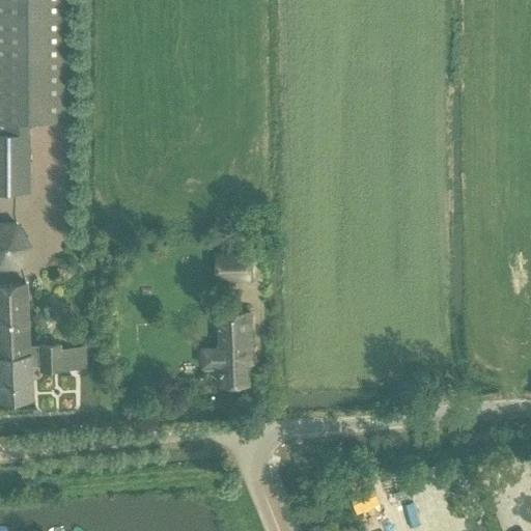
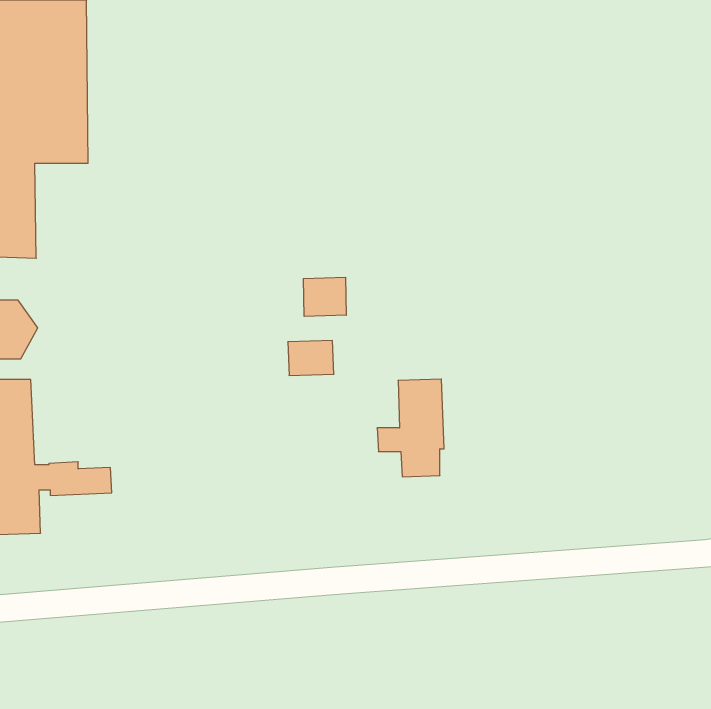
building: none -> [303,277,346,316]
building: [200,314,250,387] -> [377,379,444,477]

